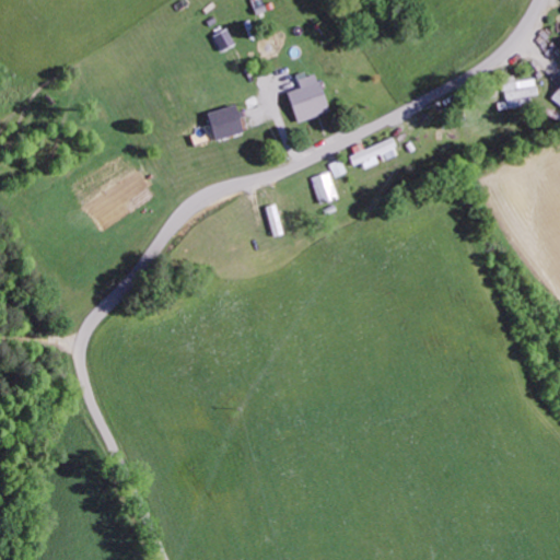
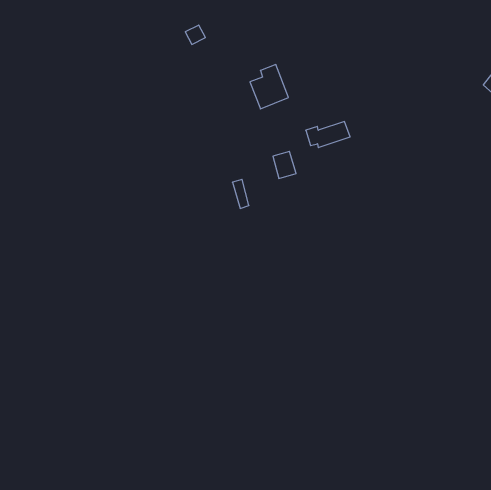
building: [503,79,538,107] -> none
building: [207,105,248,139] -> none

